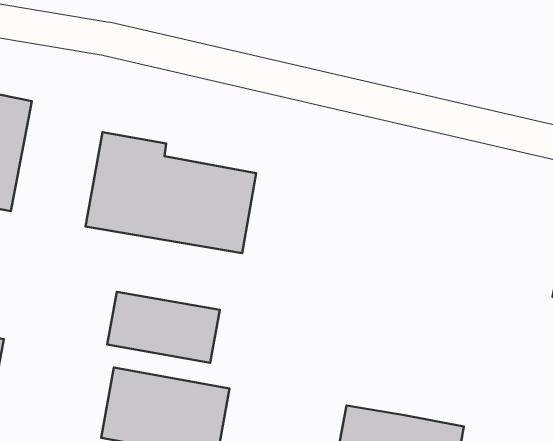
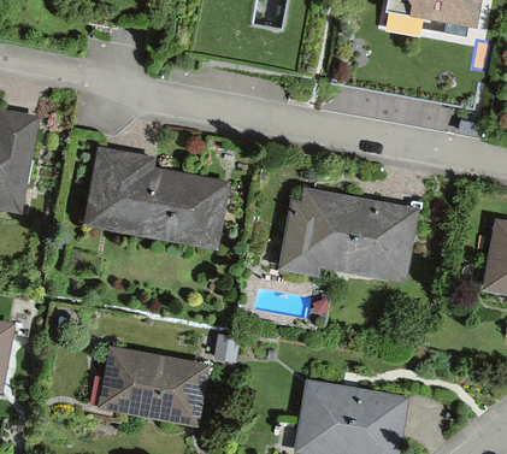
building: none -> [277,188,417,283]
building: [107,292,220,363] -> none

